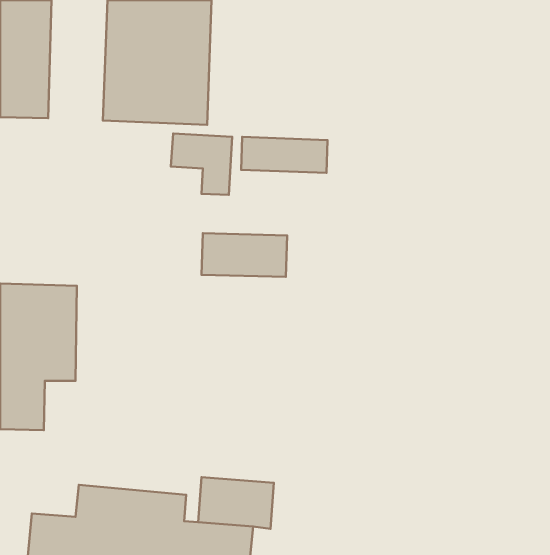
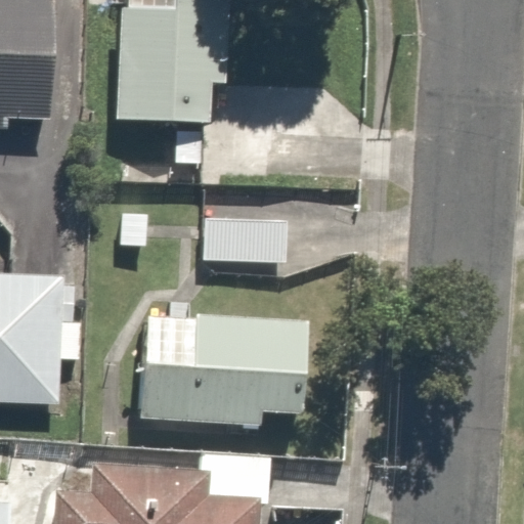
building: none -> [141,313,300,425]

